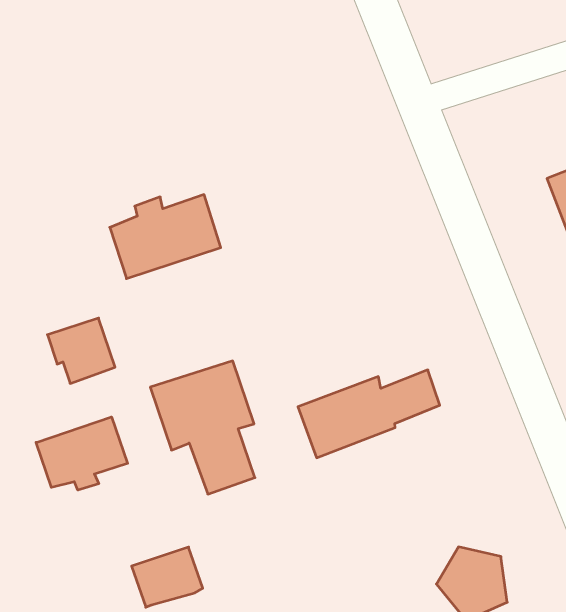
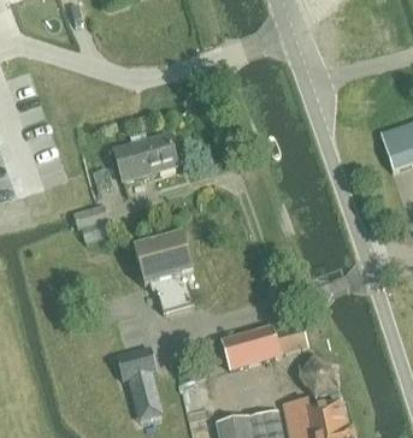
building: [298,370,440,458] -> [220,320,306,369]
building: [36,417,128,490] -> none

